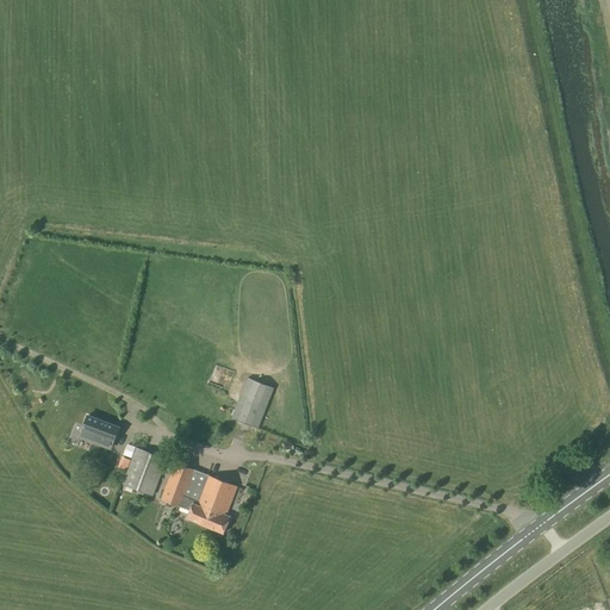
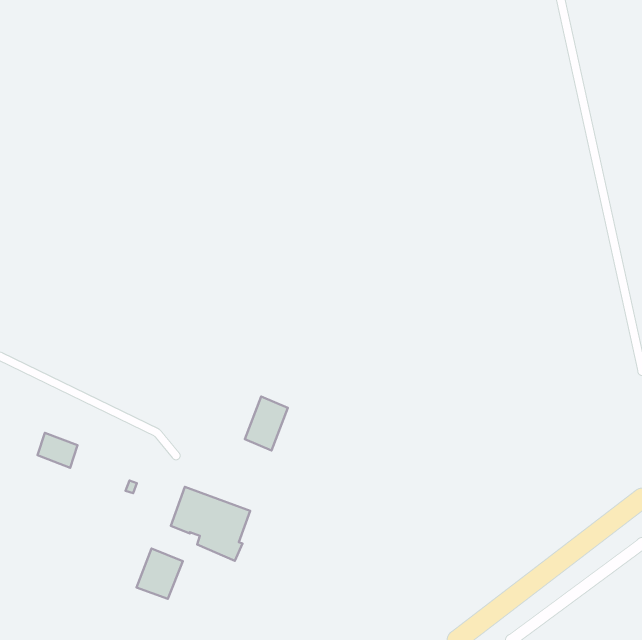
building: [80,415,118,448] -> [37,433,78,468]
building: [123,447,167,494] -> [136,549,183,599]

